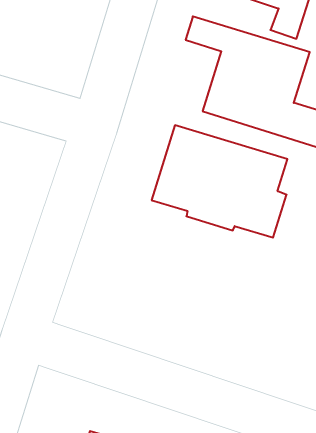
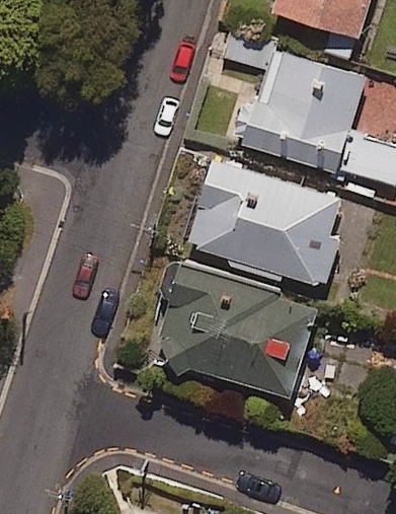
building: none -> [156,259,321,398]

